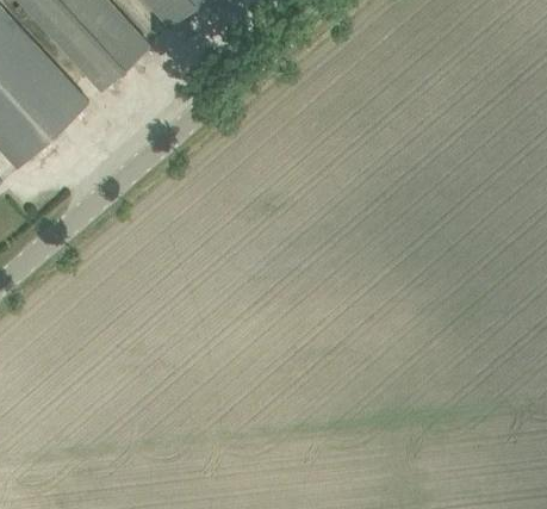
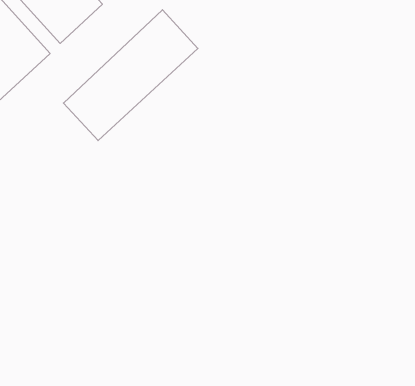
building: none -> [63,10,198,141]

